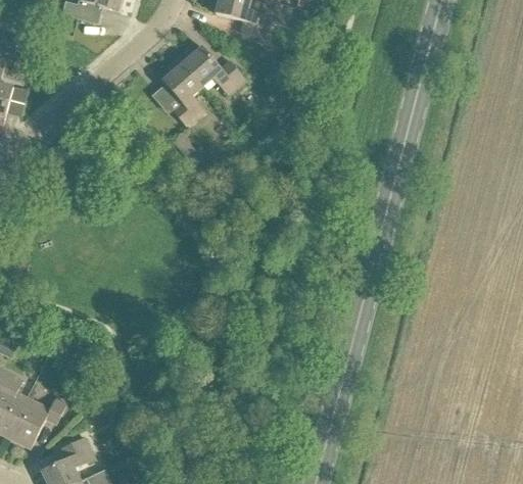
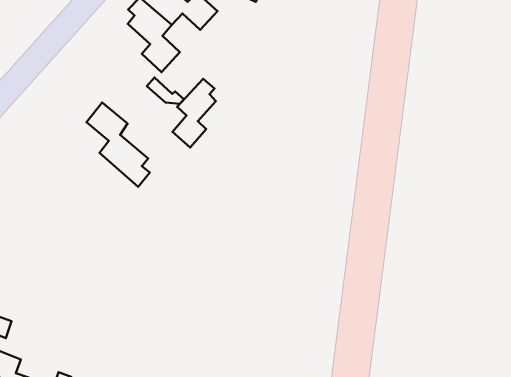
building: none -> [172,79,216,147]
building: none -> [86,102,150,187]

